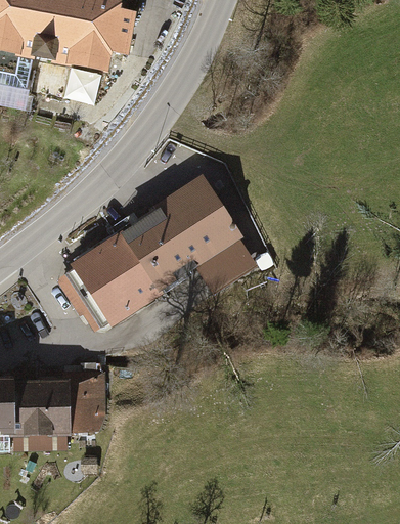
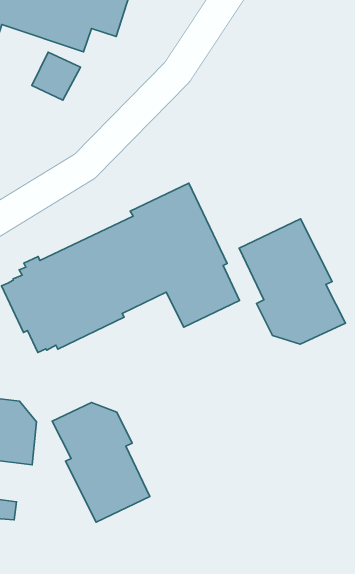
building: none -> [239,219,345,344]
building: none -> [52,403,150,522]

